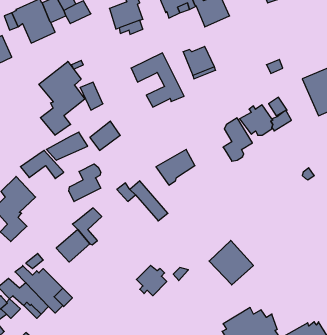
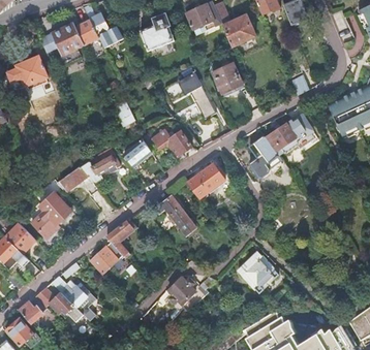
building: [39,61,85,135] -> none
building: none -> [151,128,191,156]
building: [69,164,101,202] -> none

